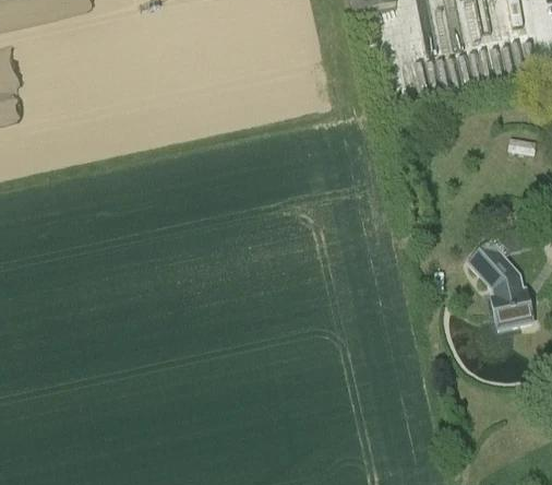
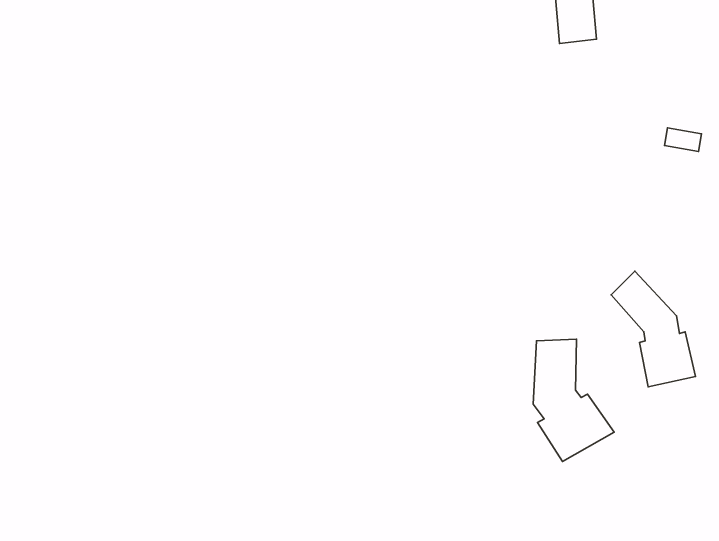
building: none -> [533,339,614,462]

